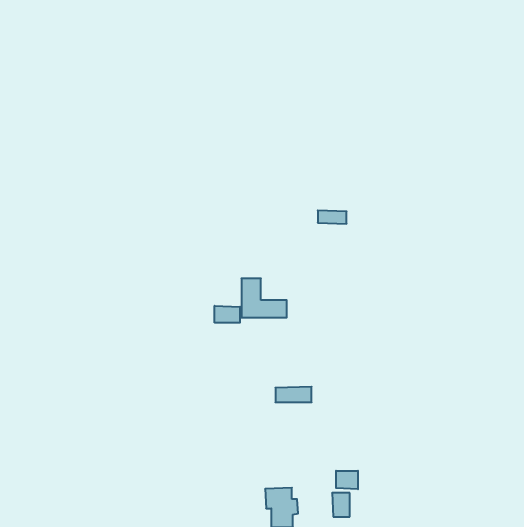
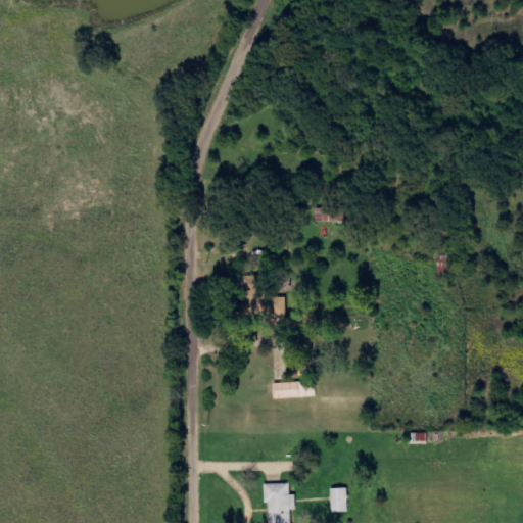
building: [215,306,240,323] -> none
building: [336,471,358,489] -> none

